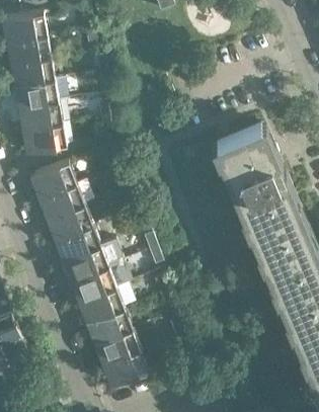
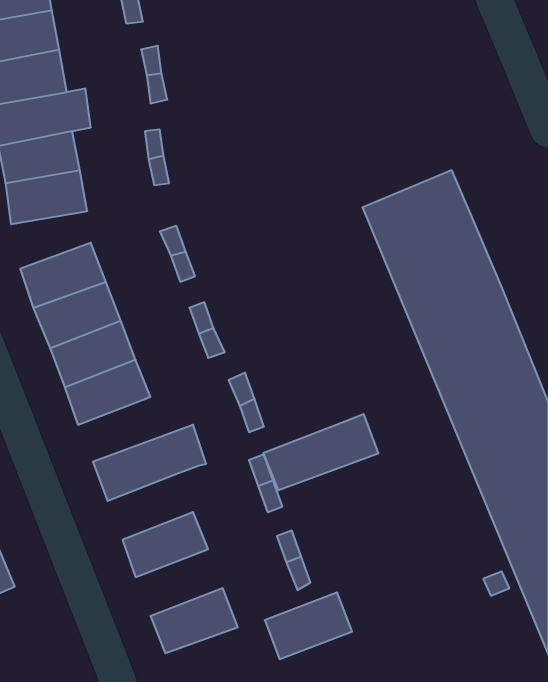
building: [61,242,124,283] -> [263,414,379,490]
building: [77,290,124,326] -> none
building: [92,331,140,367] -> [265,592,352,659]

